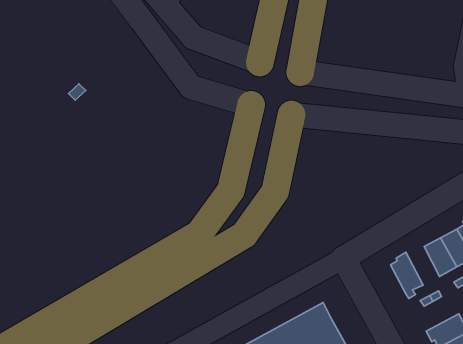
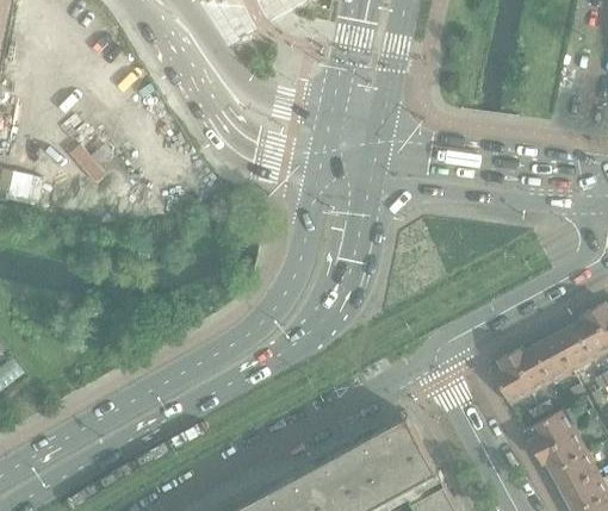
building: none -> [510,349,552,397]
building: none -> [528,412,576,454]

